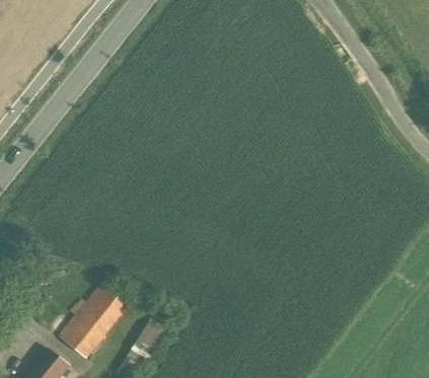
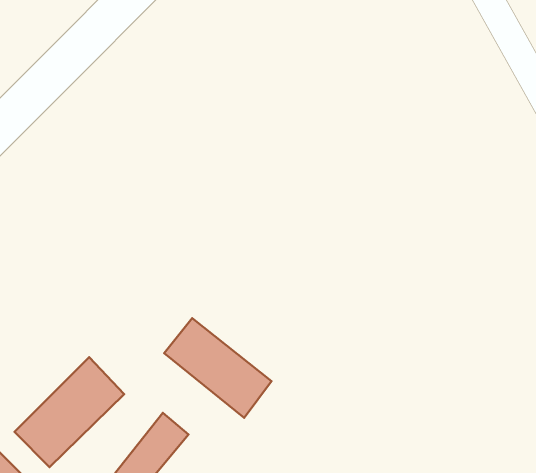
building: none -> [164,318,272,418]

